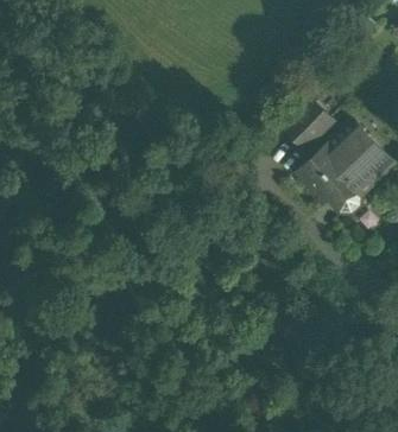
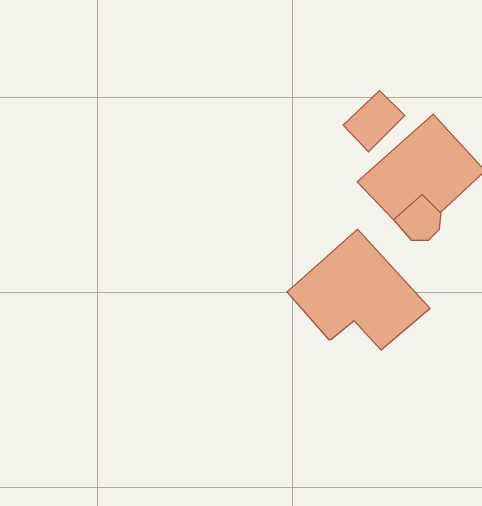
building: none -> [287,229,430,350]

